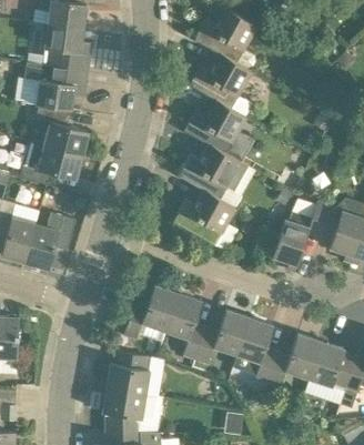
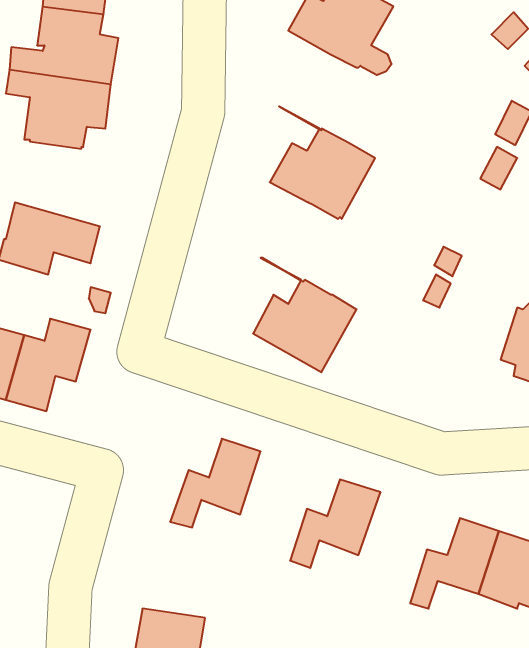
building: [189,40,253,117] -> none
building: [30,107,88,158] -> none
building: [179,143,247,199] -> none
building: [272,202,332,272] -> none
building: [165,293,205,358] -> none
building: [236,317,277,384] -> none
building: [107,351,149,393] -> none

